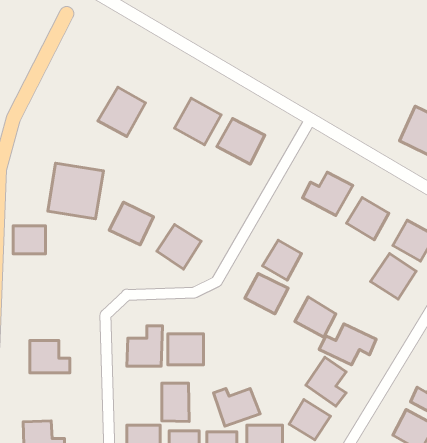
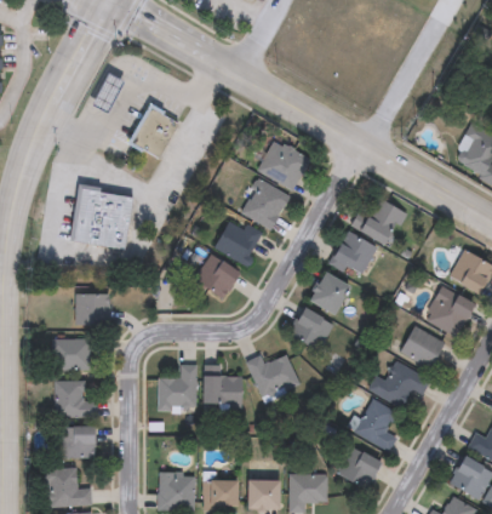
building: none -> [92,70,126,110]
building: [174,98,221,145] -> [239,178,290,229]
building: [346,197,389,240] -> [330,230,376,276]
building: [109,202,154,245] -> [213,218,262,264]
building: [13,226,46,254] -> [75,295,110,325]
building: [295,297,336,337] -> [400,325,445,369]
building: none -> [52,338,90,370]
building: none -> [59,426,96,457]
building: [162,383,189,421] -> none
building: [214,388,260,426] -> [248,355,299,396]

